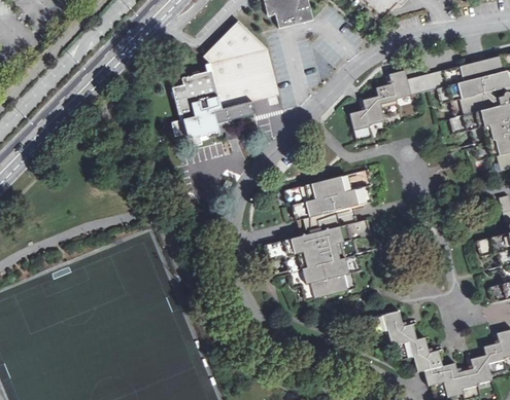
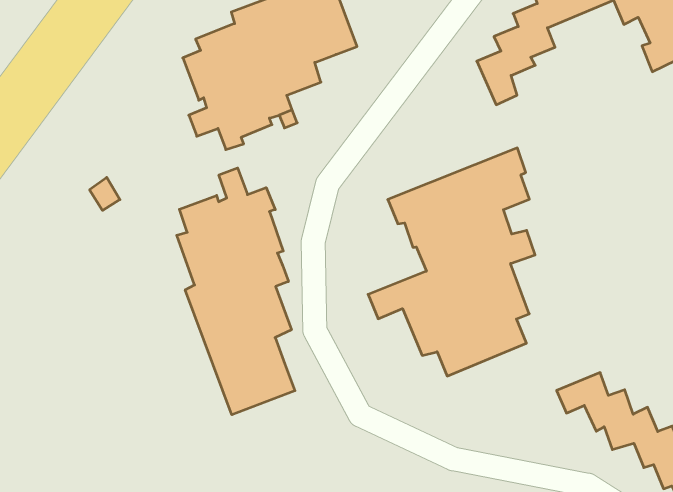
building: none -> [177,168,295,415]

